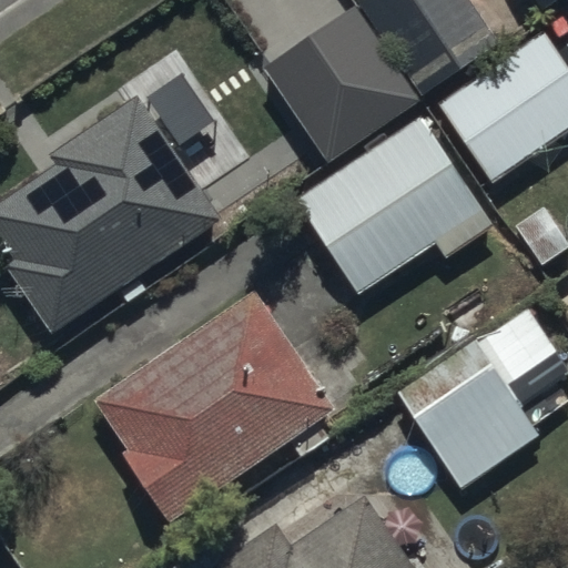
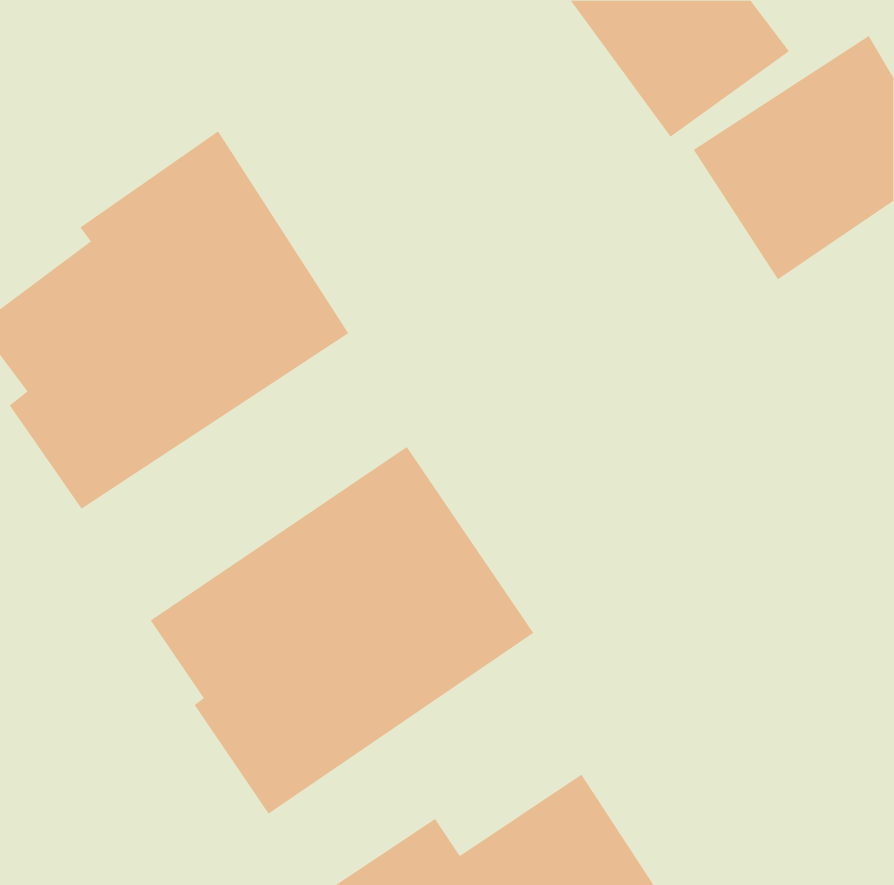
building: [270,23,399,154] -> none
building: [293,115,495,297] -> none
building: [413,364,540,491] -> none

